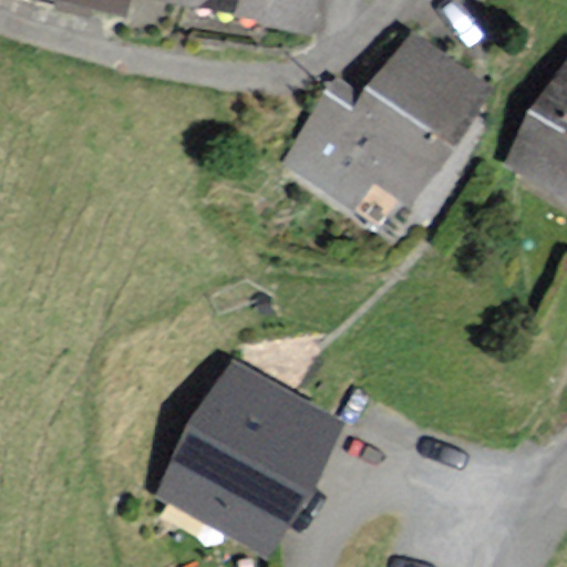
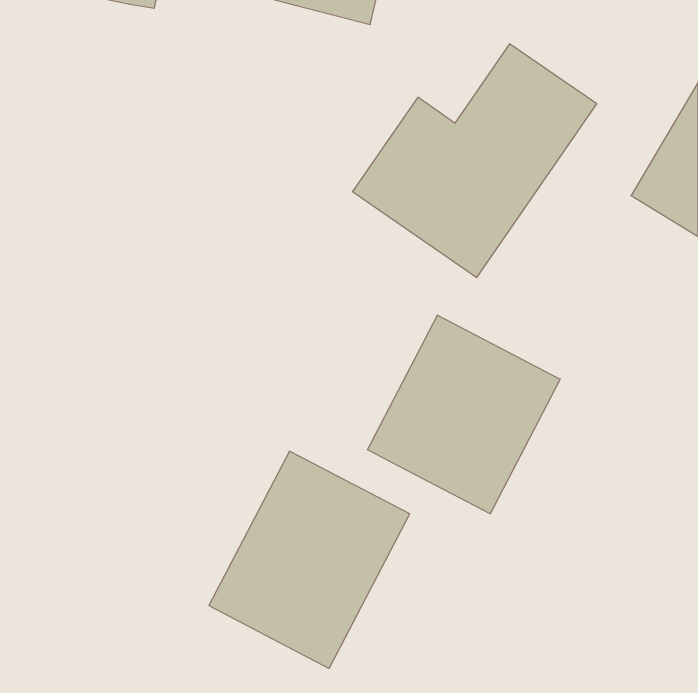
building: none -> [367,315,560,514]

